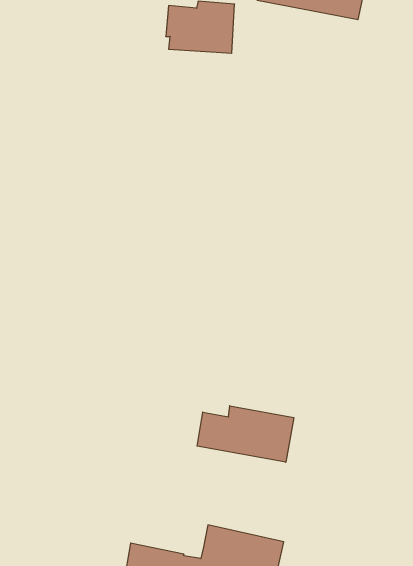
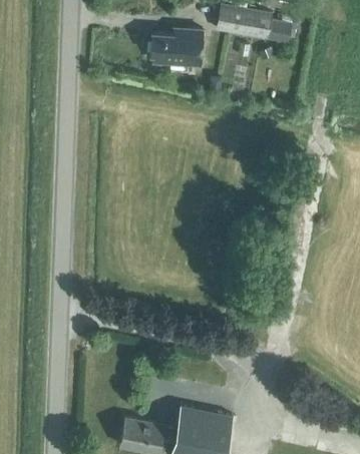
building: [197,406,294,462] -> none

